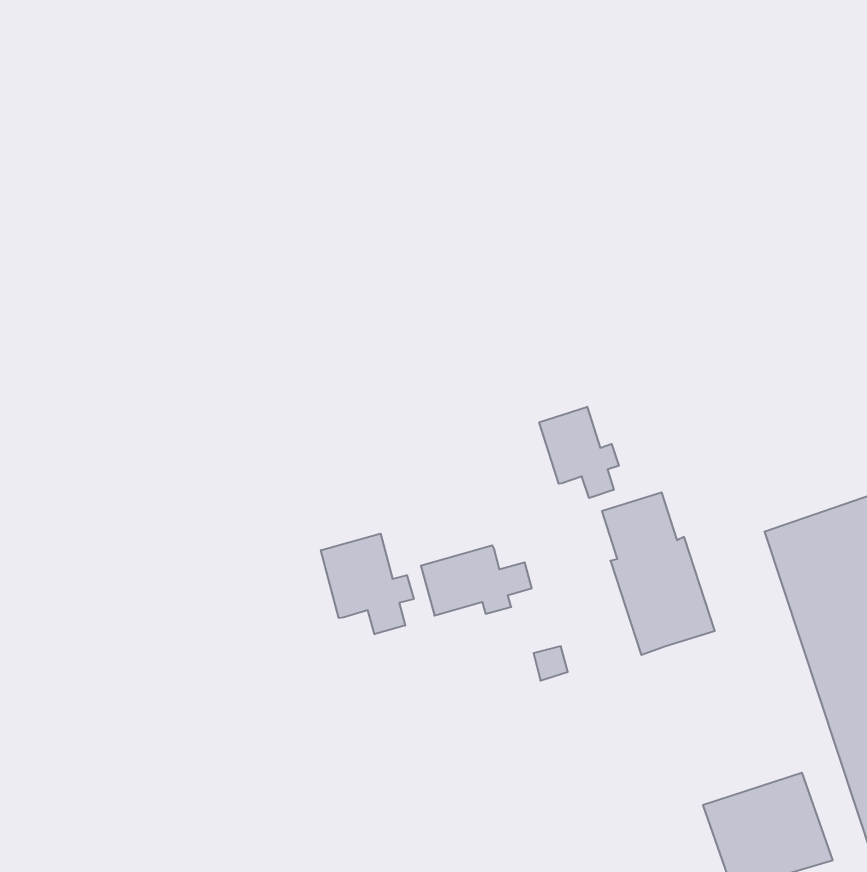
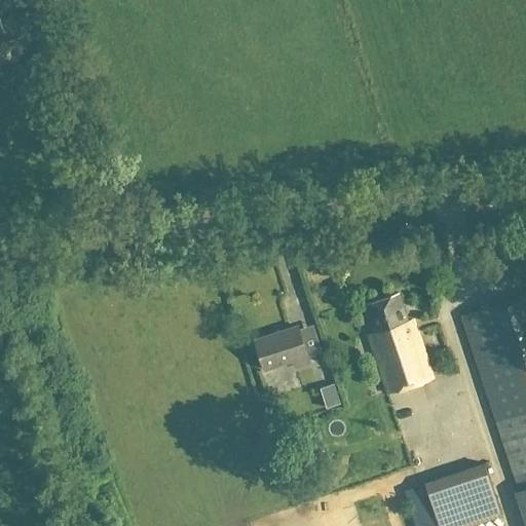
building: [539,407,619,498] -> none
building: [321,534,414,634] -> none

